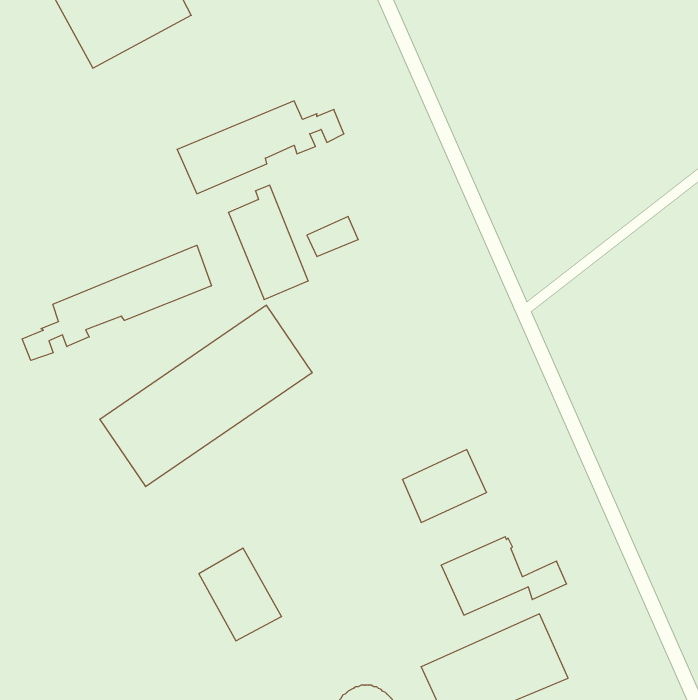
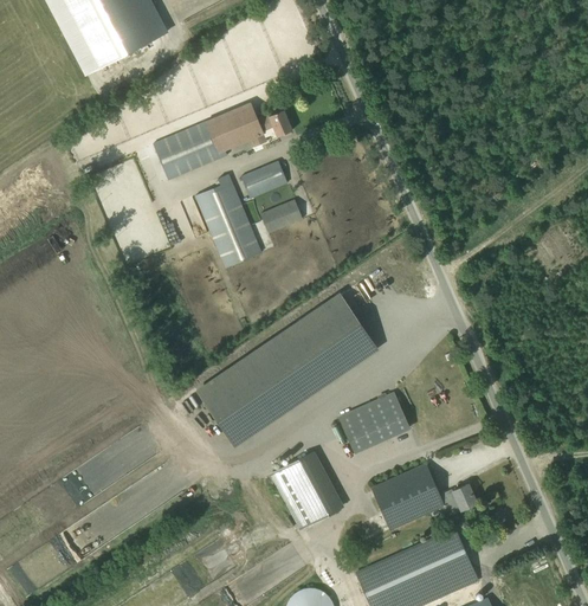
building: none -> [240,160,286,199]
building: [22,245,211,360] -> none
building: [100,305,312,487] -> [199,295,375,445]
building: [199,548,282,641] -> [276,452,344,529]

